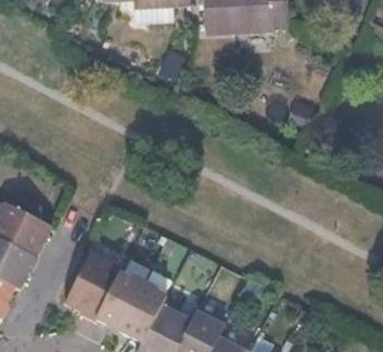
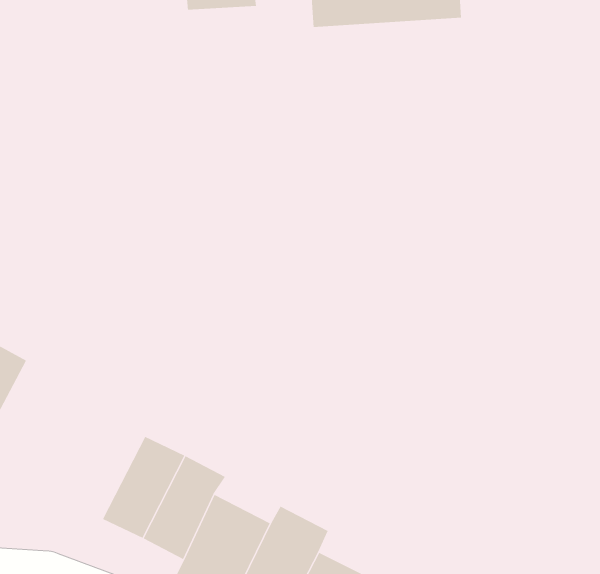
building: [62,248,118,317] -> none

